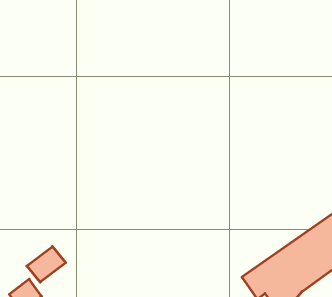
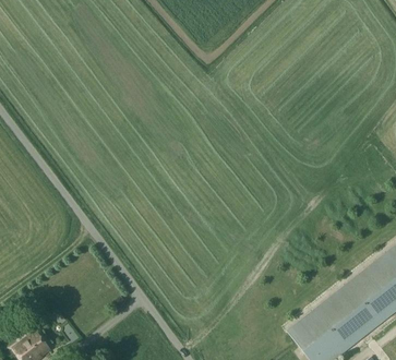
building: [27,246,66,282] -> none

